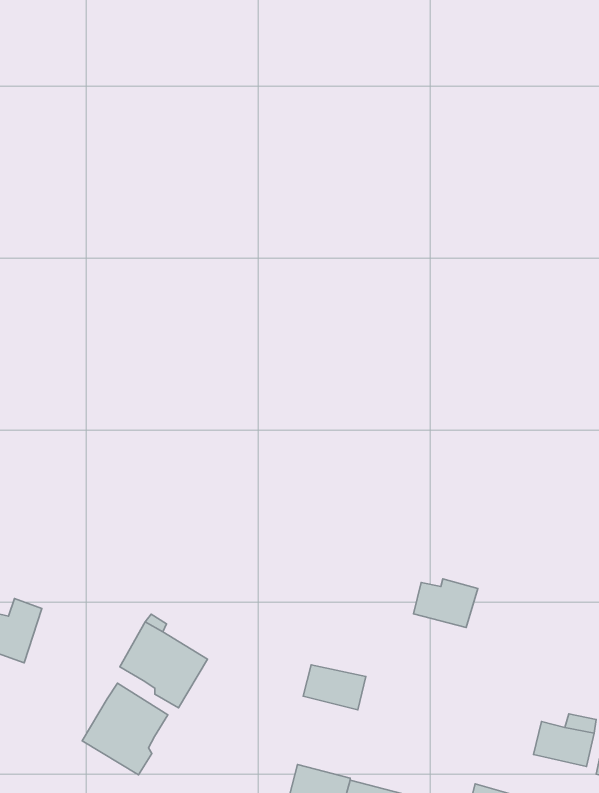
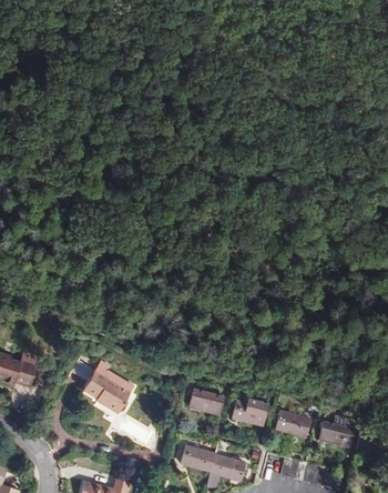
building: [413,579,478,627] -> [232,398,268,425]
building: [82,683,168,775] -> none
building: none -> [275,410,310,436]

